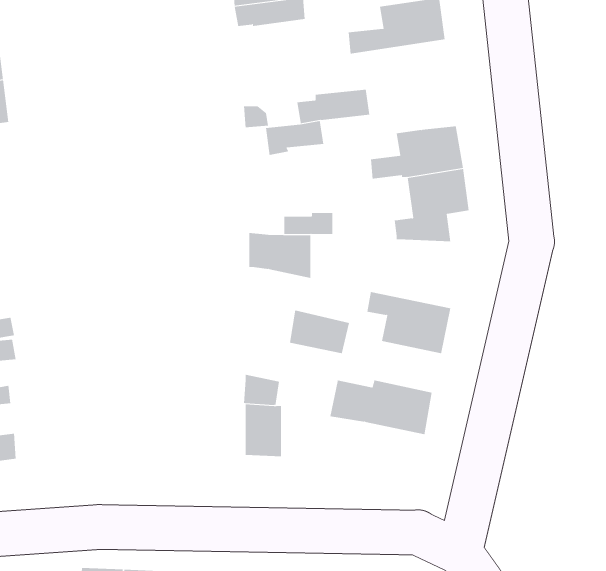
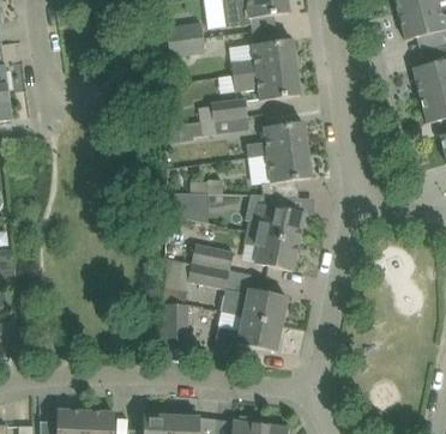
building: none -> [233,66,300,101]
building: none -> [245,194,305,241]
building: none -> [187,263,228,289]
building: none -> [215,315,282,351]

